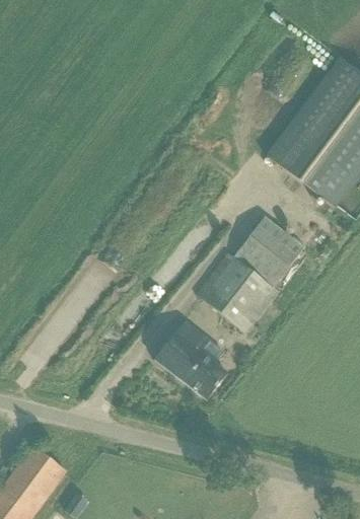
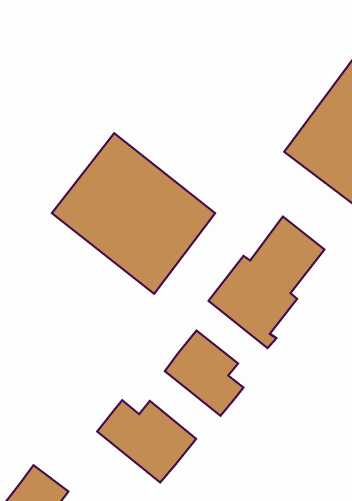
building: none -> [52,133,215,294]
building: none -> [97,400,196,482]

